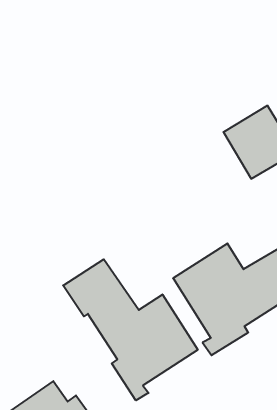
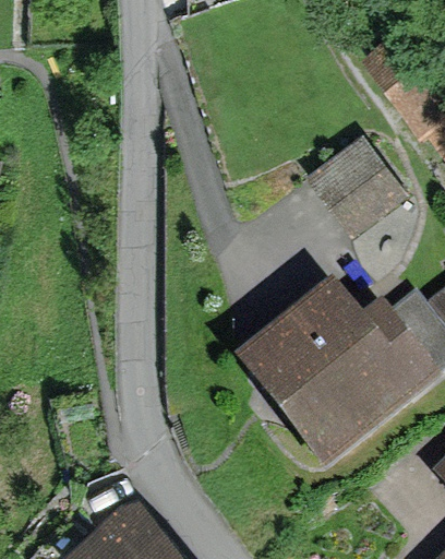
building: [63,259,198,400] -> none

